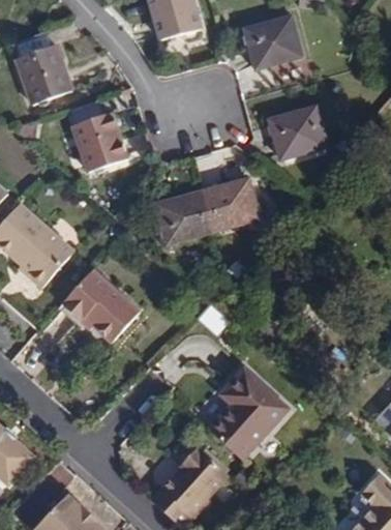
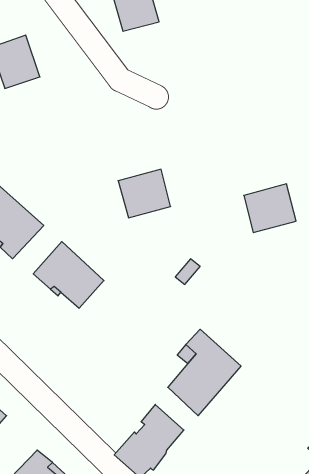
building: [241,14,301,69] -> none
building: [267,106,326,161] -> none
building: [70,113,124,171] -> none
building: [201,178,258,231] -> [244,184,296,233]

